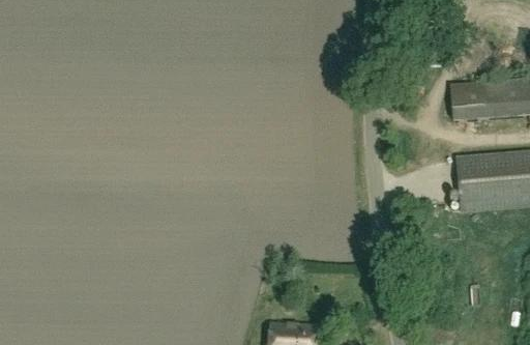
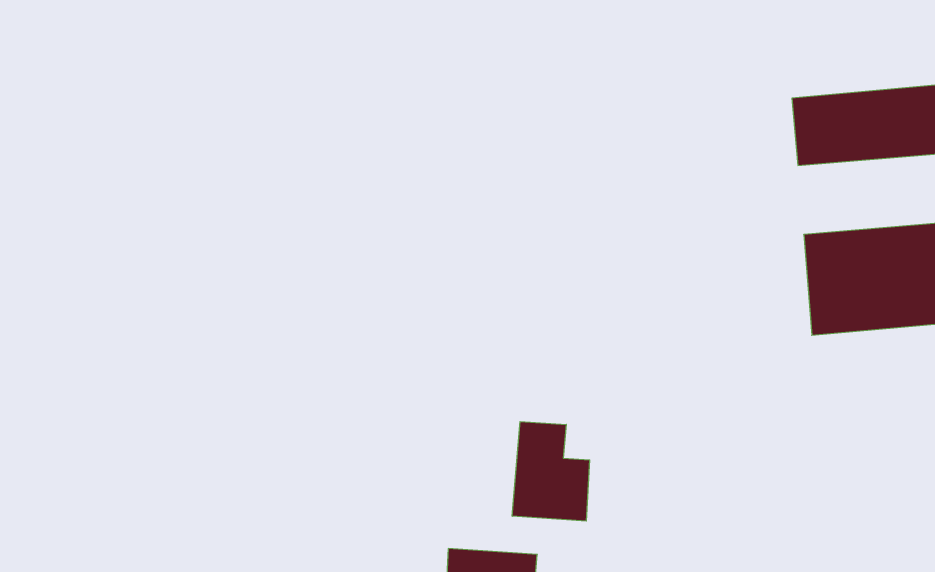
building: none -> [512,422,590,521]

